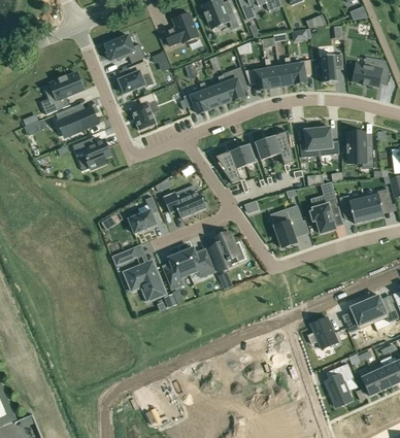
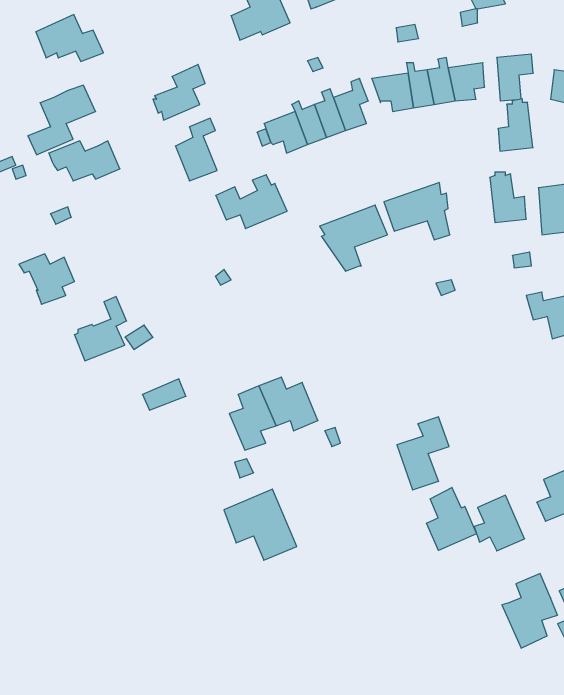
building: [104,35,144,63] -> [36,15,103,61]
building: [299,126,320,157] -> [498,99,533,151]
building: [76,138,109,168] -> [19,254,74,304]
building: [163,186,205,217] -> [216,175,287,229]
building: [309,187,339,233] -> none
building: [127,196,158,234] -> [74,297,127,361]
building: [271,204,302,247] -> [397,417,449,490]
building: [210,233,245,270] -> none
building: [123,260,166,302] -> [224,489,297,560]
building: none -> [427,487,477,550]

